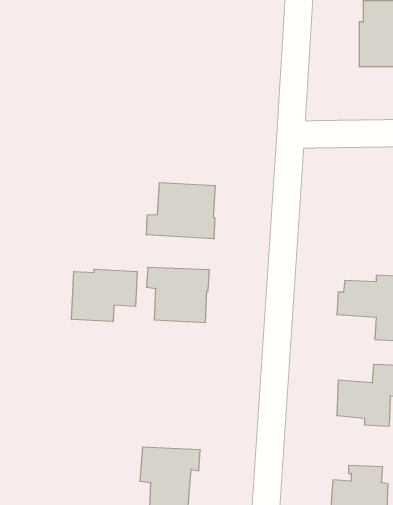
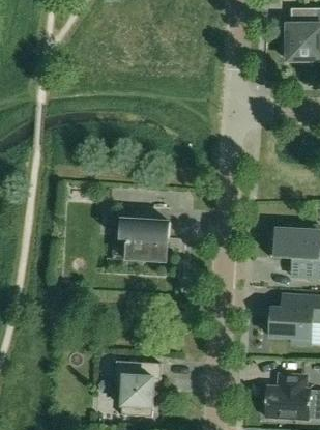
building: [147,183,215,239] -> none
building: [71,269,137,322] -> none

